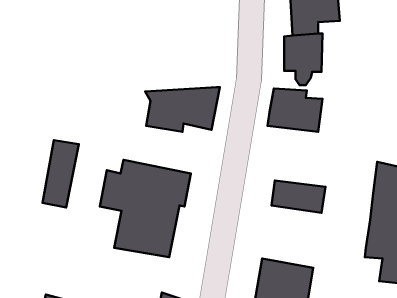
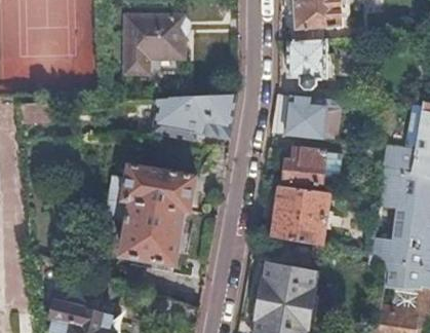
building: none -> [123,14,182,72]
building: [42,140,79,208] -> none
building: none -> [283,147,325,183]
building: none -> [272,210,325,244]

